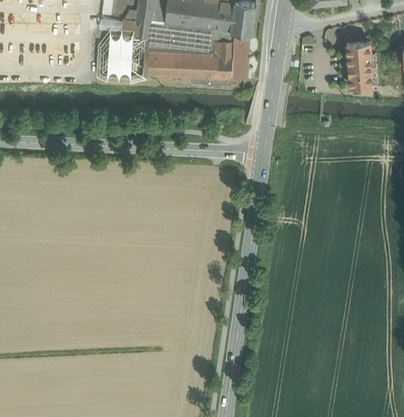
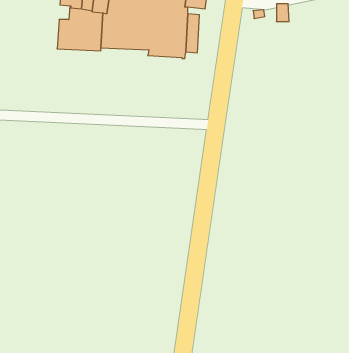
building: [347,41,371,85] -> none

